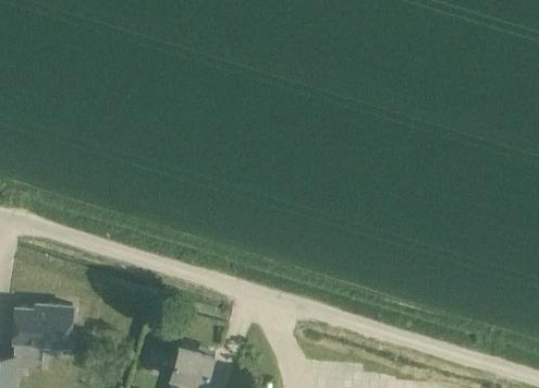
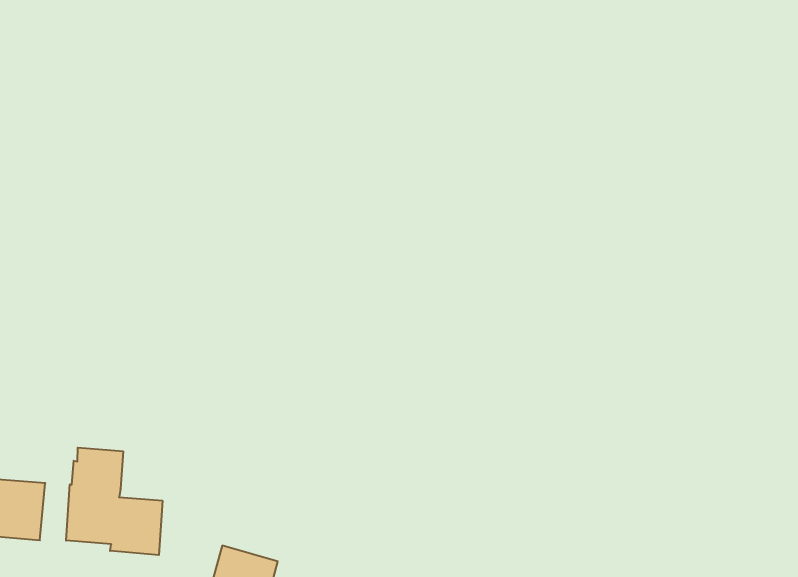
building: none -> [66,448,162,555]

